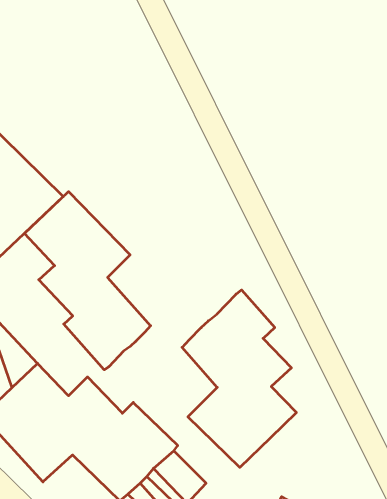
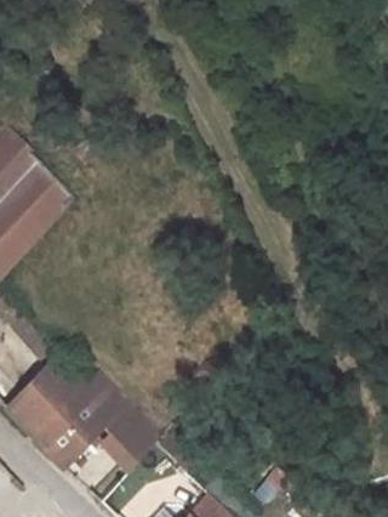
building: [24,192,151,370] -> none
building: [182,290,296,467] -> none

